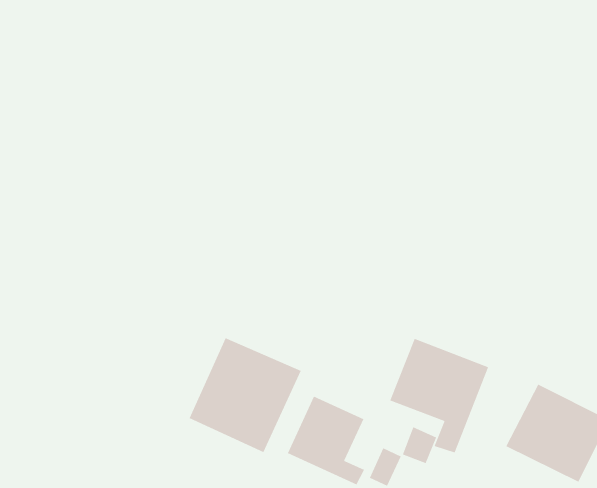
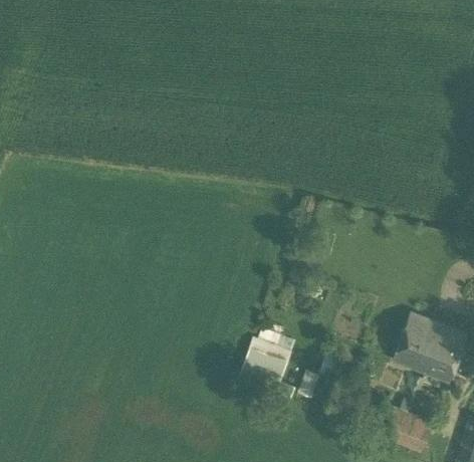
building: [188,337,302,453] -> none
building: [389,338,489,453] -> none

